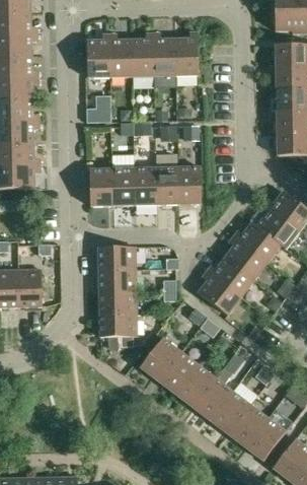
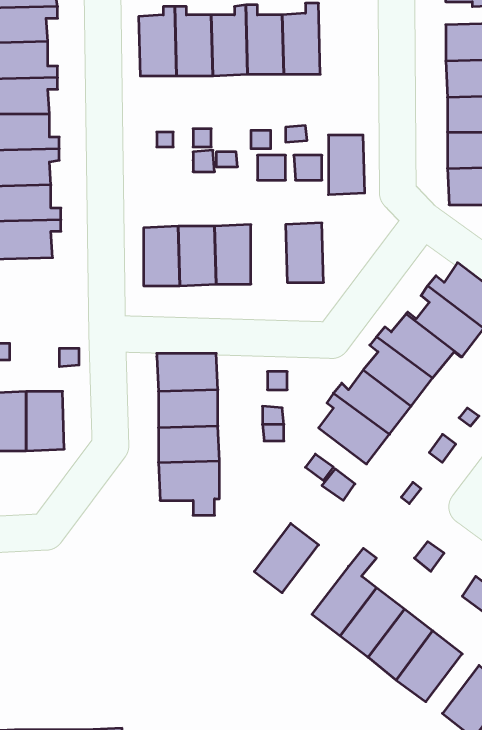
building: [155,168,177,205] -> [328,135,365,195]
building: [139,338,179,382] -> none
building: [174,365,215,408] -> none

